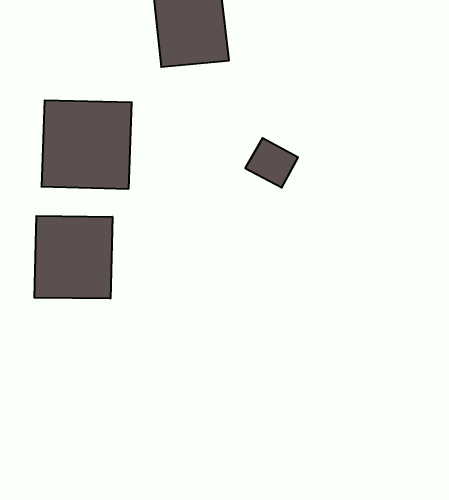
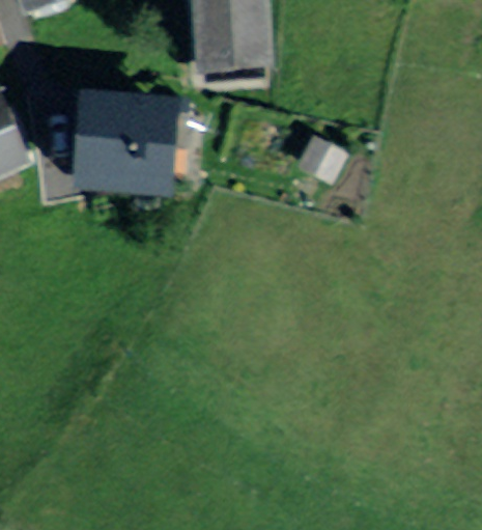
building: [34,216,112,299] -> none

